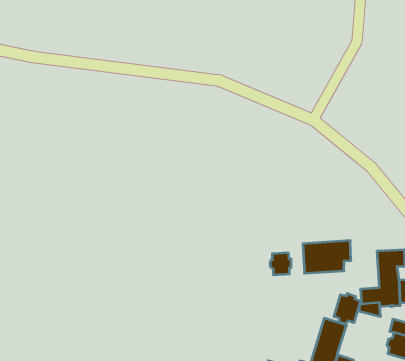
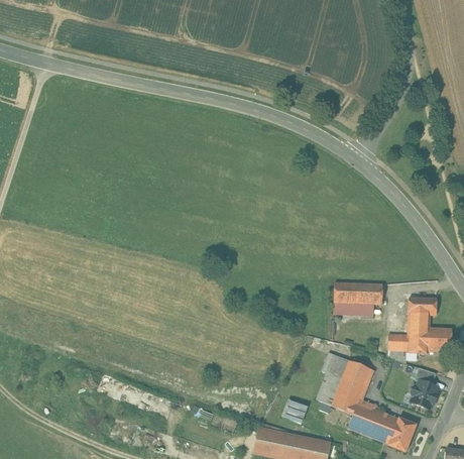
building: [270,253,291,275] -> none
building: [334,293,360,324] -> none

